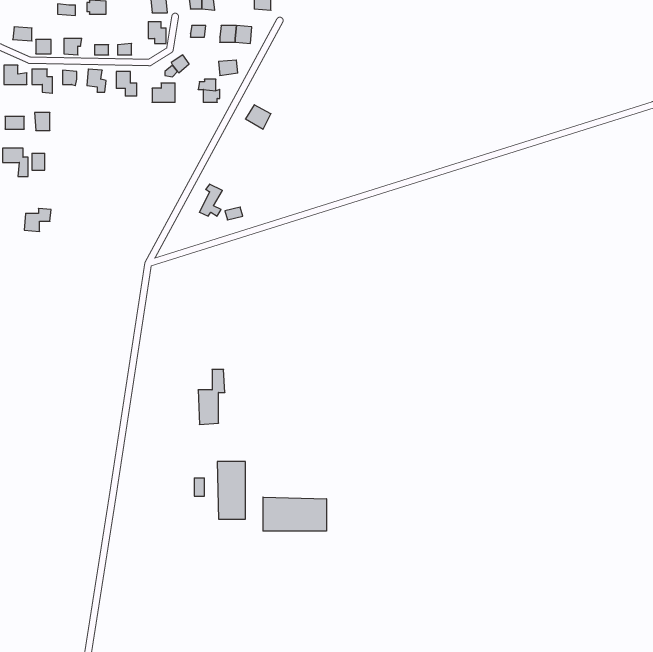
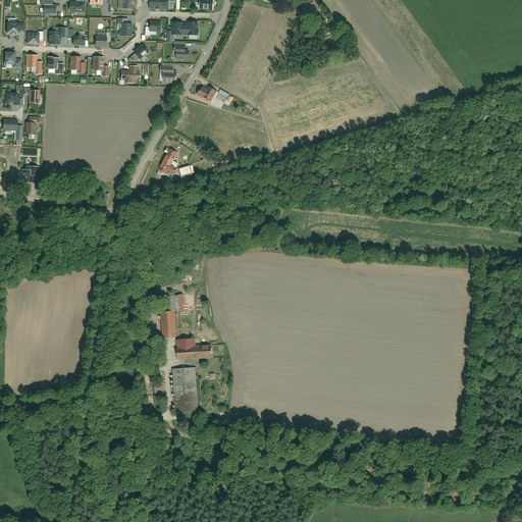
building: none -> [176,337,213,358]
building: [263,497,326,531] -> none

